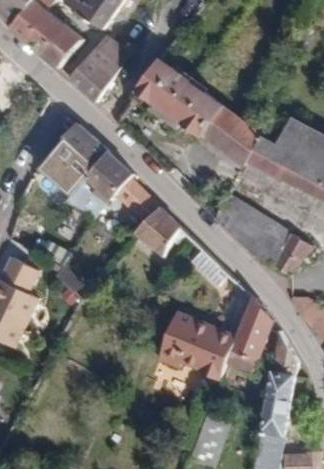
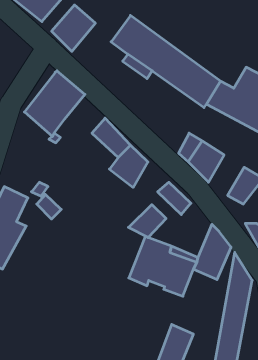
building: [83,149,132,199] -> none
building: [247,218,288,264] -> none
building: none -> [128,205,166,238]

